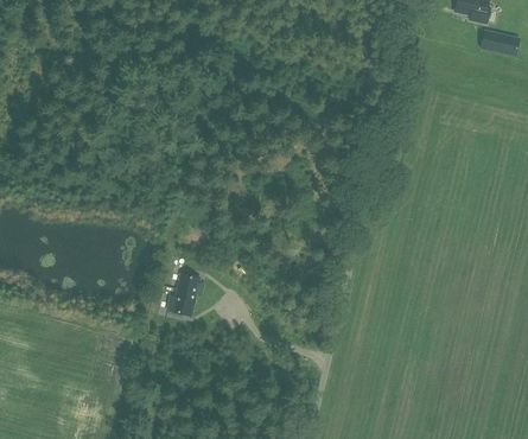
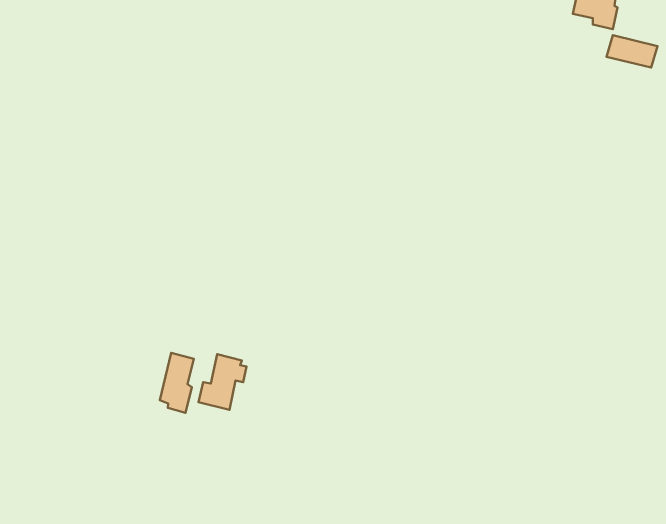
building: none -> [160,353,194,413]

